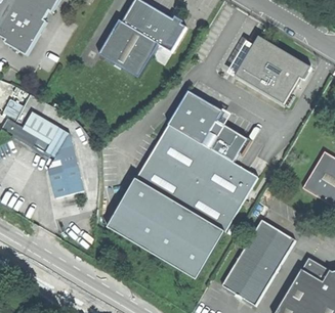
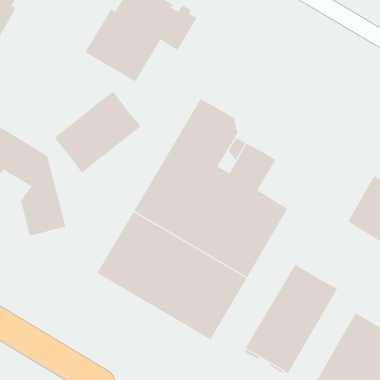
building: [223,35,307,102] -> none
building: none -> [54,91,141,173]

